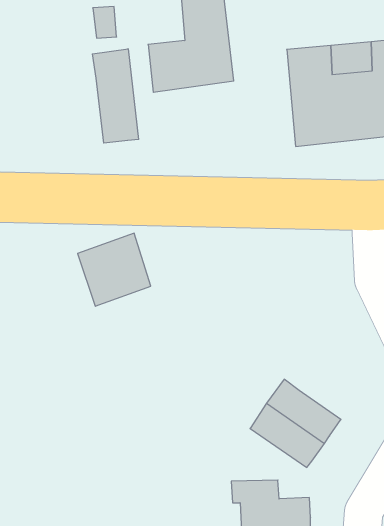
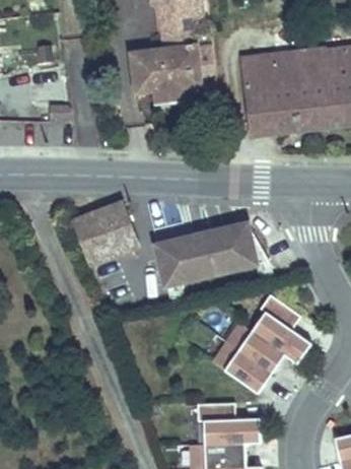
building: [92,49,139,143] -> none
building: none -> [155,220,268,282]
building: none -> [252,295,311,364]

